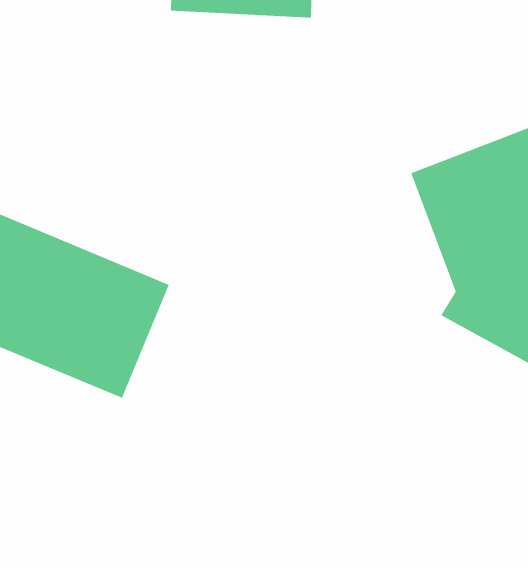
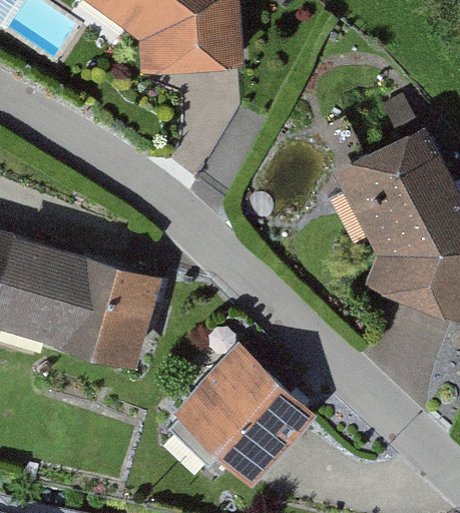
building: none -> [171,340,314,481]

